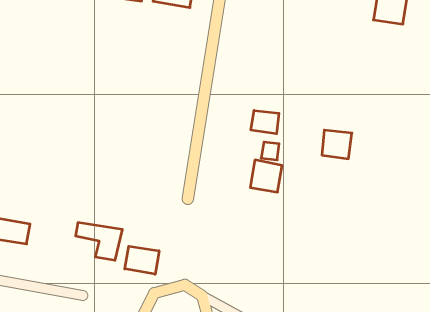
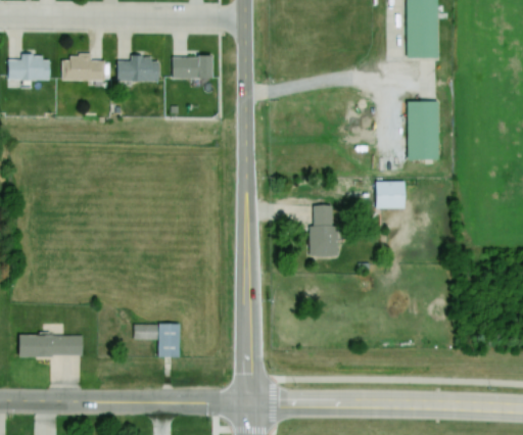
building: none -> [407,101,438,160]
building: [251,110,279,134] -> none
building: [125,246,159,274] -> none

